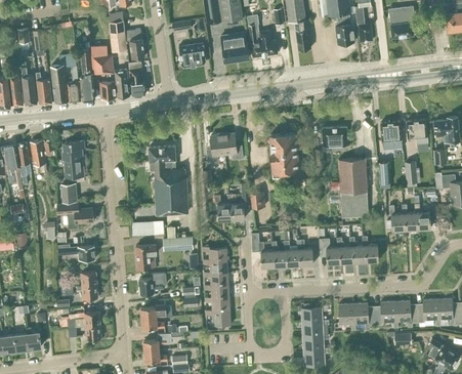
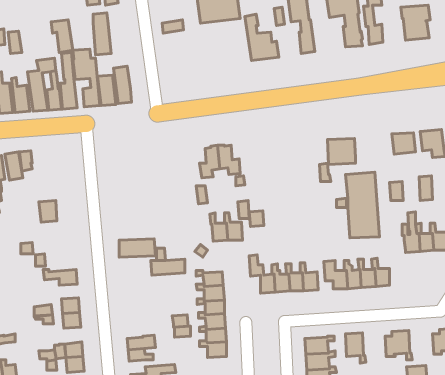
building: [125,29,144,58] -> [51,20,73,53]
building: [220,31,249,60] -> none
building: [178,42,206,67] -> none
building: [268,133,298,177] -> none
building: [61,140,84,178] -> none
building: [149,146,187,214] -> none
building: [57,203,93,228] -> none
building: [136,245,157,269] -> none
building: [138,273,167,295] -> none
building: [395,300,418,327] -> none
building: [353,303,375,330] -> none

